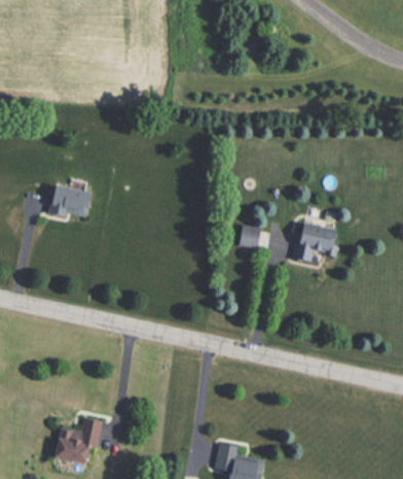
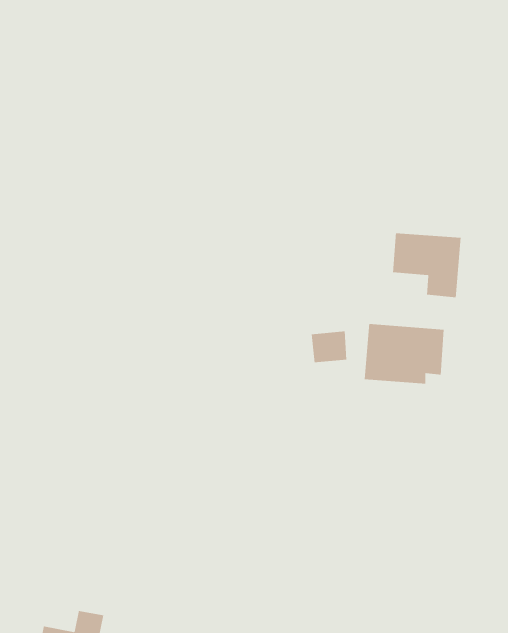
building: none -> [392,232,461,298]
building: [50,180,91,214] -> none

